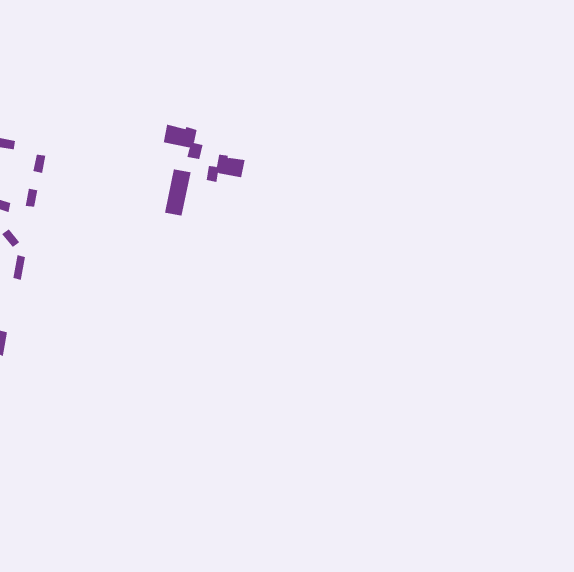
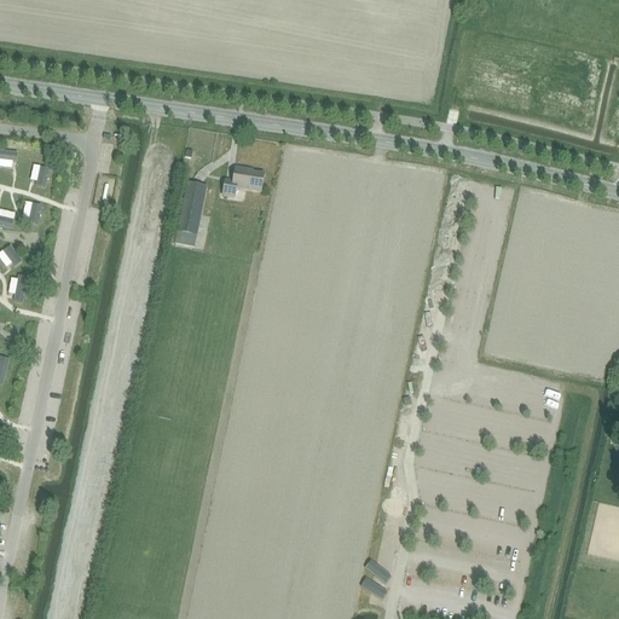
building: [163,124,203,160] -> none

